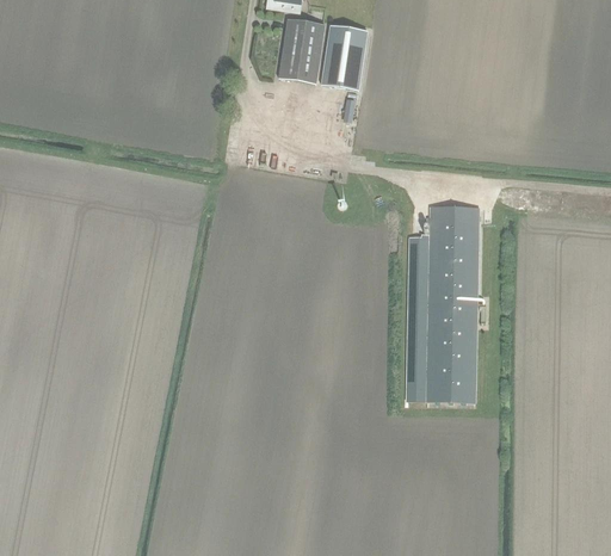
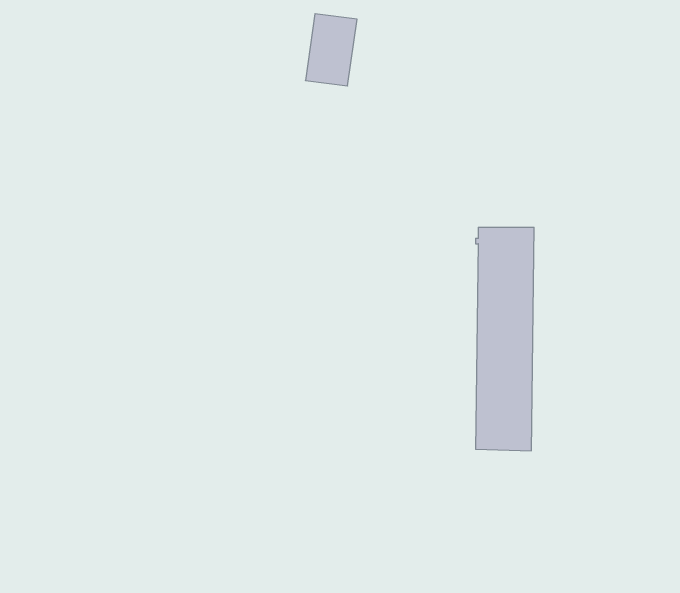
building: [321,24,366,89] -> none
building: [406,236,428,400] -> none

